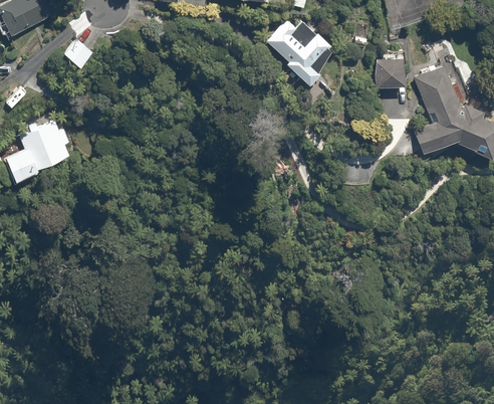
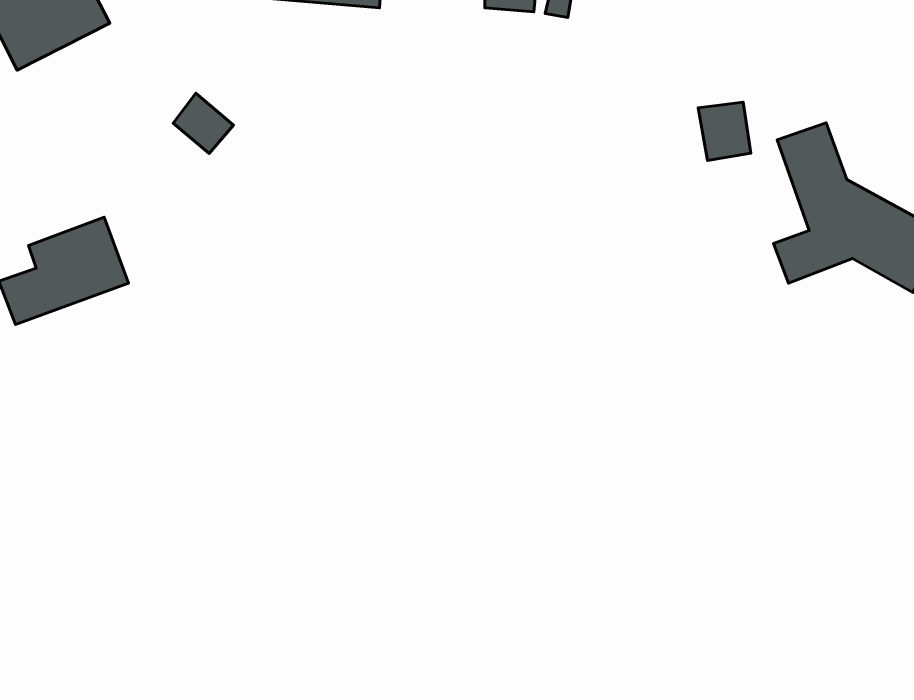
building: [266,20,334,86] -> none
building: [61,37,93,69] -> [173,93,234,153]

